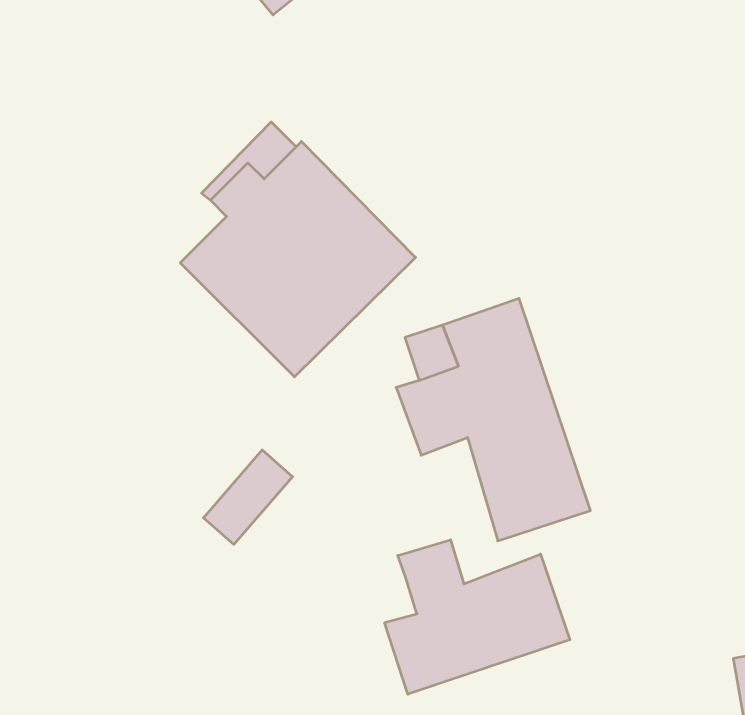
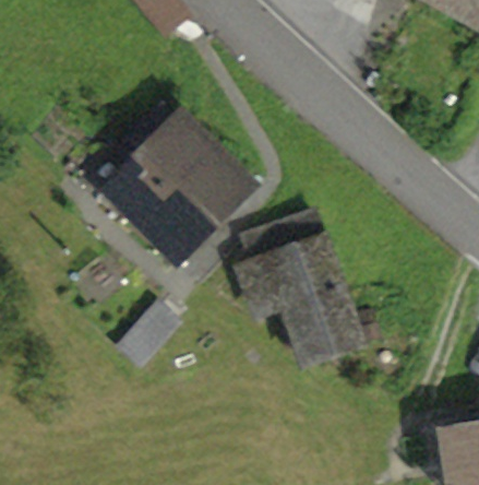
building: [385,540,570,694] -> none

